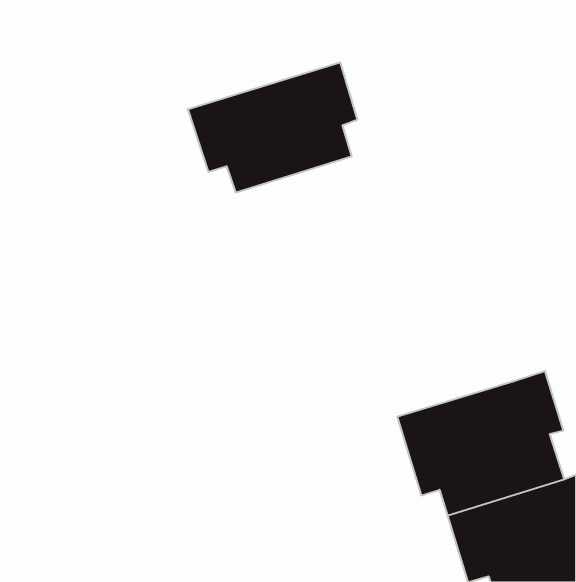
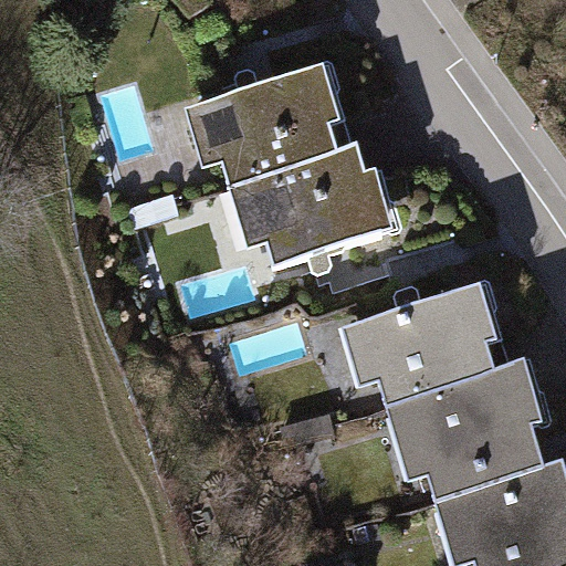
building: none -> [229,146,397,266]
building: none -> [340,282,502,405]

